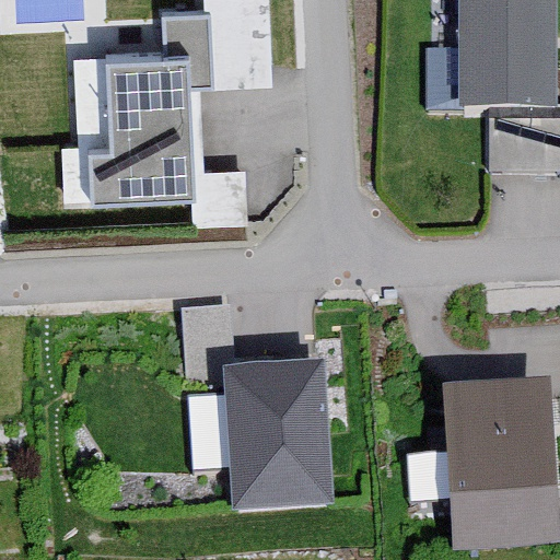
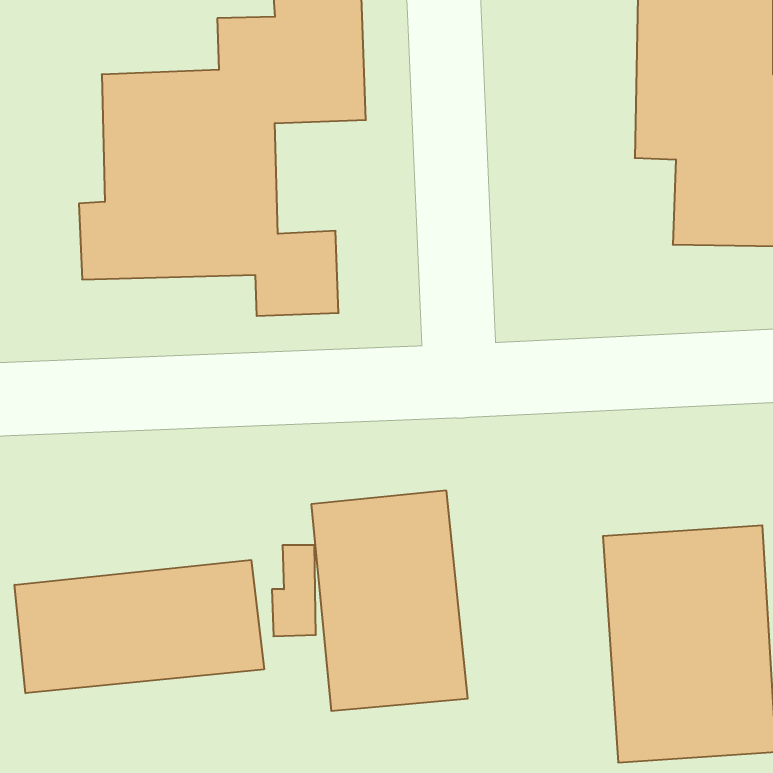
building: none -> [15,560,264,693]

